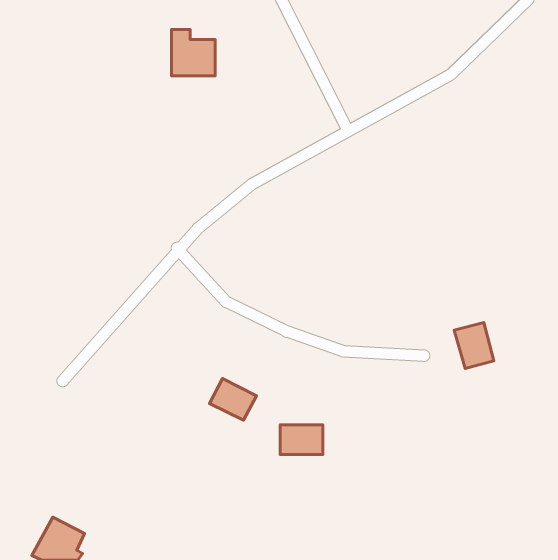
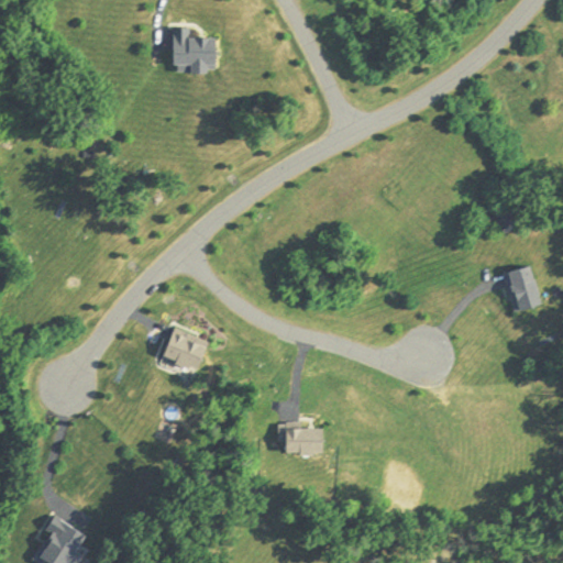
building: [454,322,494,368] -> [501,266,541,312]
building: [209,378,257,420] -> [161,330,208,372]

